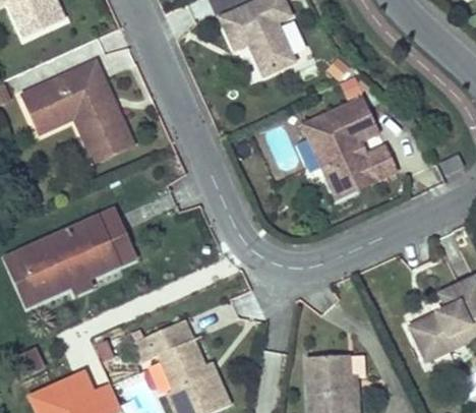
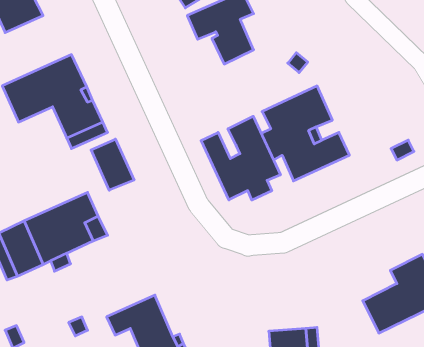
building: none -> [201,116,280,200]
building: none -> [91,139,134,190]

